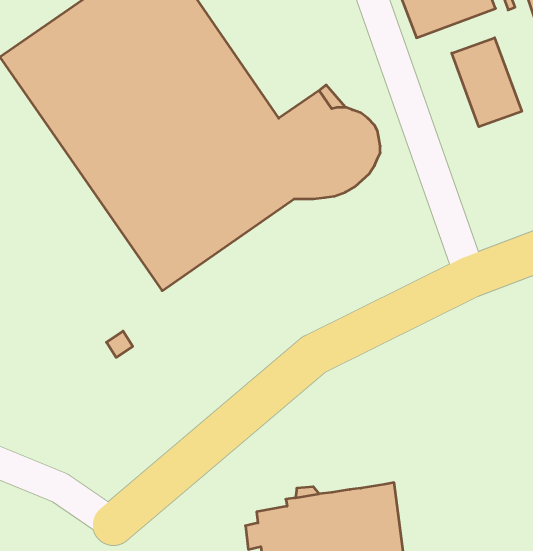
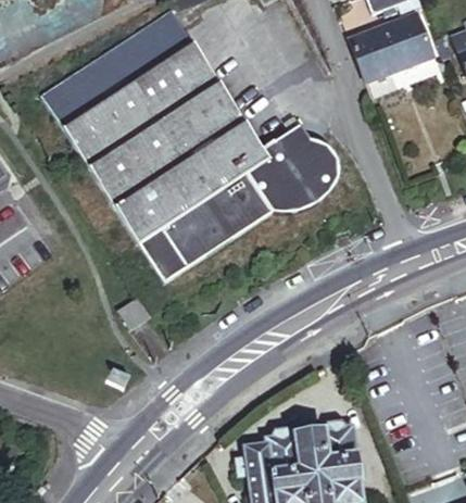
building: [452,38,522,127] -> none

